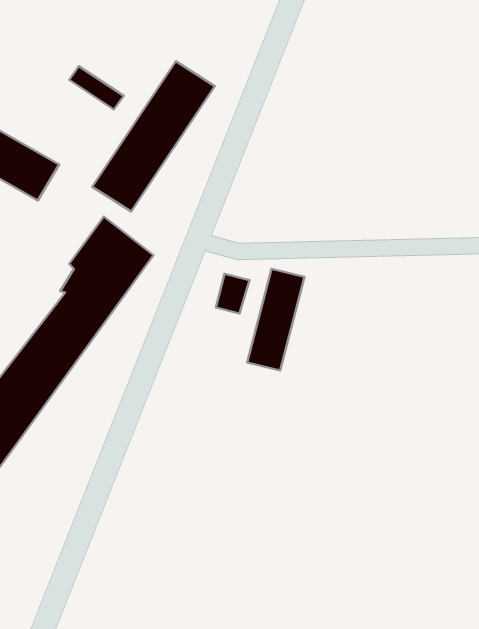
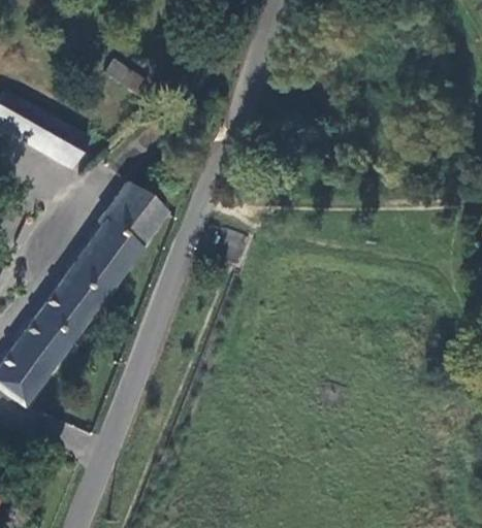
building: [92,61,215,212] -> none
building: [247,269,305,371] -> none

